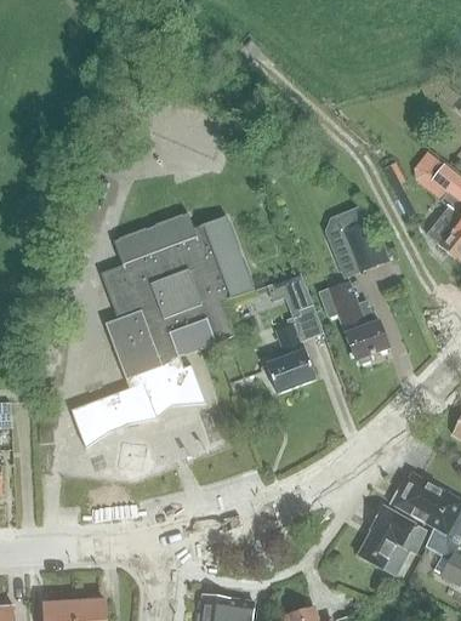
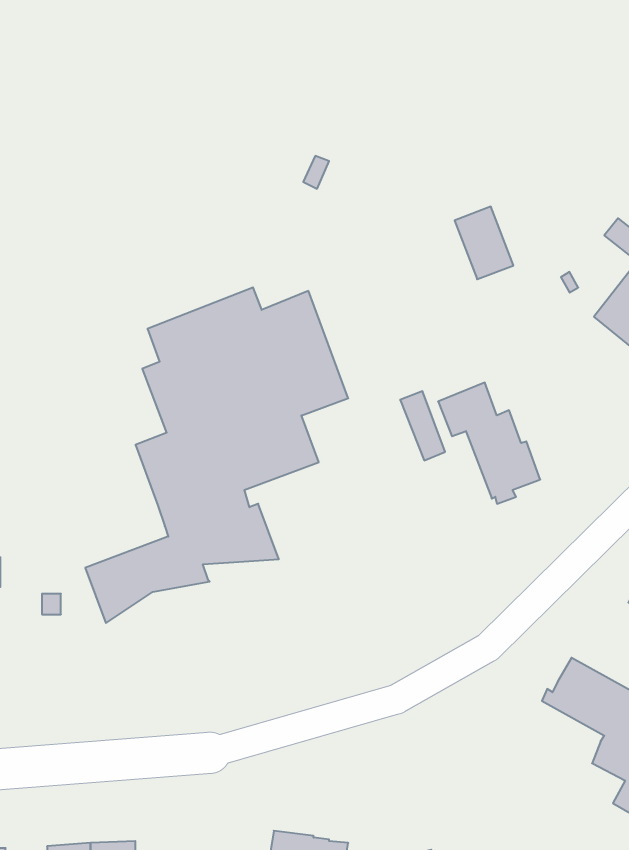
building: [341,220,382,270] -> [455,207,513,279]
building: [264,323,314,393] -> none
building: [357,506,425,575] -> none

